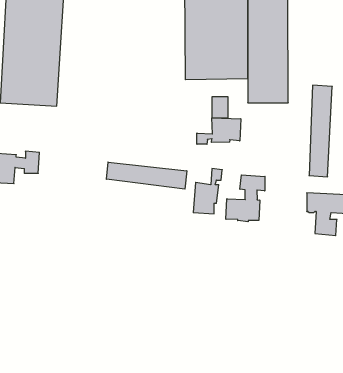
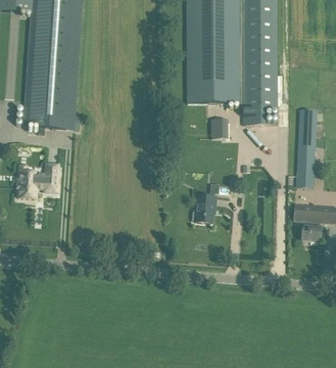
building: [197,118,241,144] -> none
building: [106,162,187,189] -> none
building: [226,175,265,222] -> none

